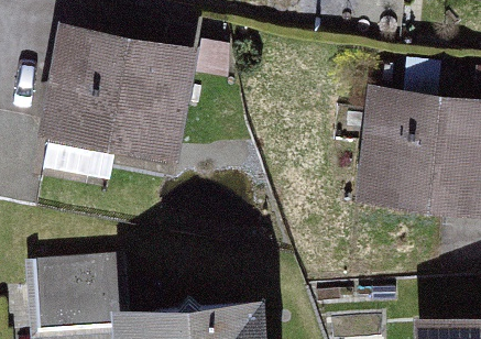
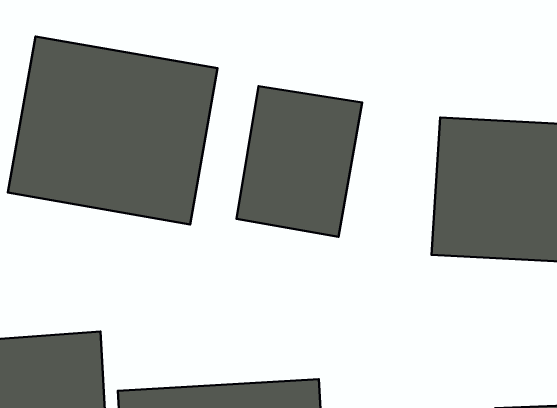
building: none -> [236,86,362,237]

